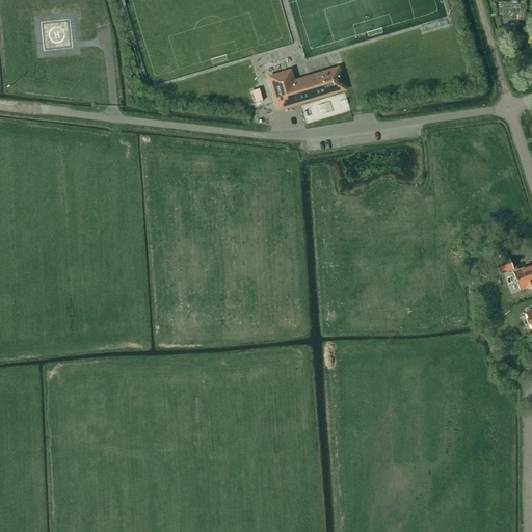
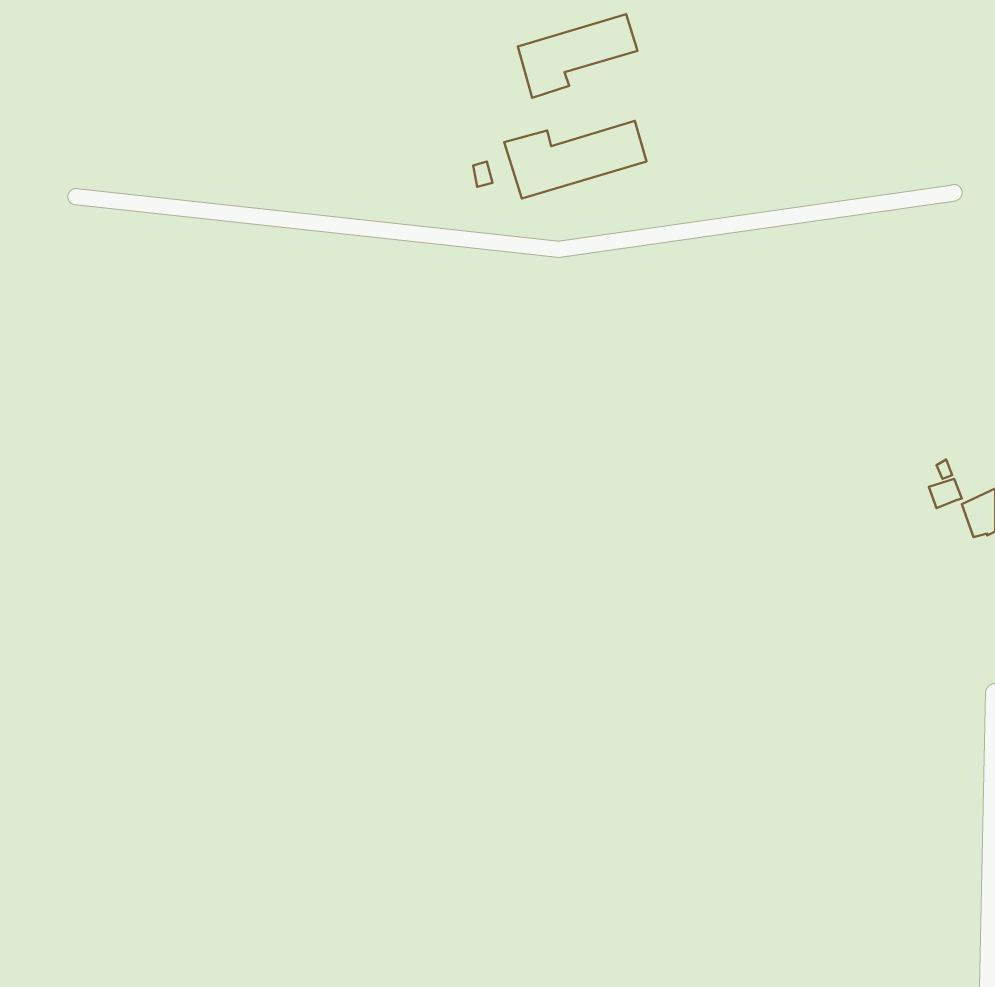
building: none -> [518,14,638,98]

